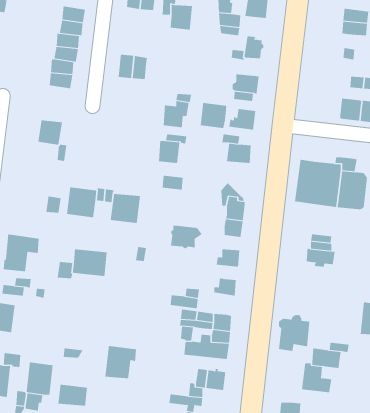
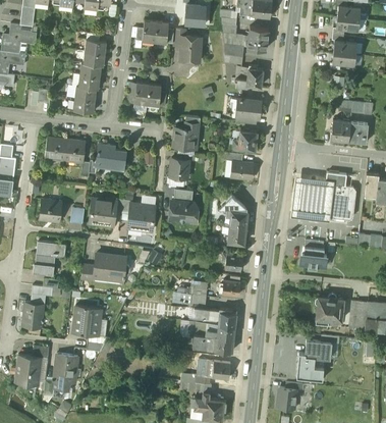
building: [200,102,227,129] -> none
building: none -> [44,137,66,159]
building: none -> [96,143,126,169]
building: none -> [39,199,61,221]
building: [170,225,203,249] -> [169,200,198,221]
building: [278,315,310,352] -> [315,294,343,326]
building: [105,346,137,379] -> [72,306,101,335]
building: [58,384,88,407] -> none

